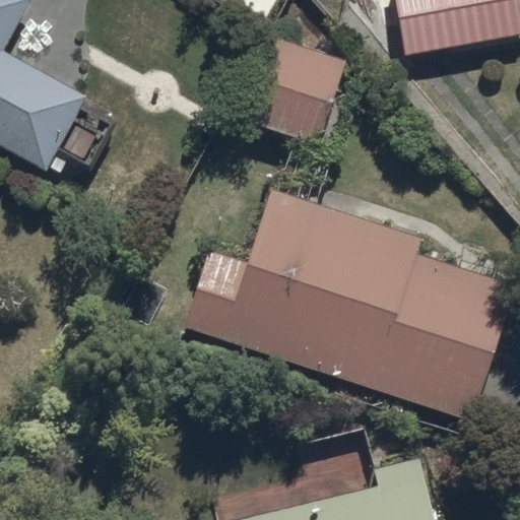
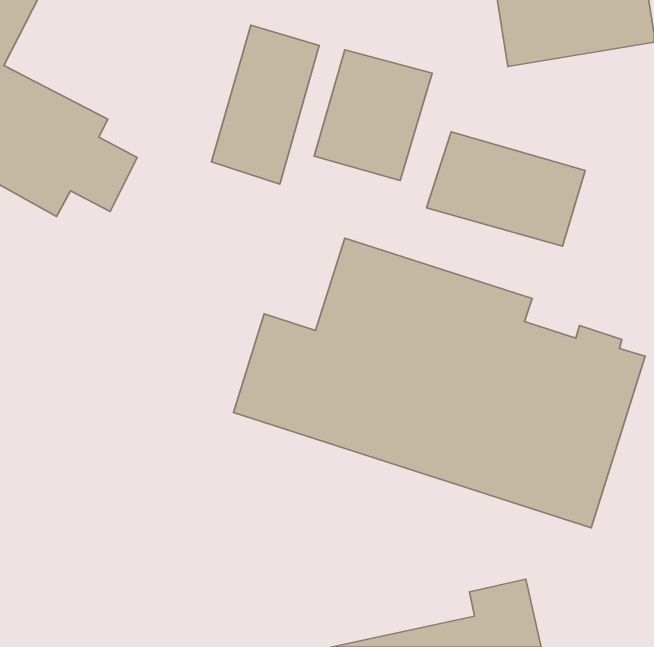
building: none -> [211,25,319,184]
building: none -> [426,132,585,246]

